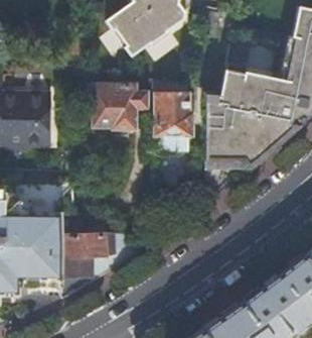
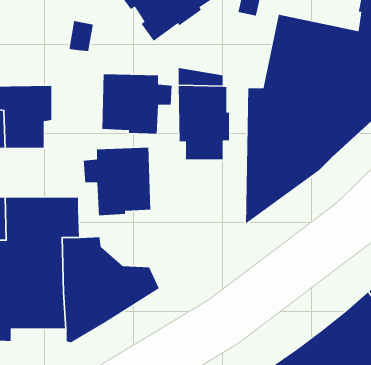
building: none -> [83,147,151,216]

